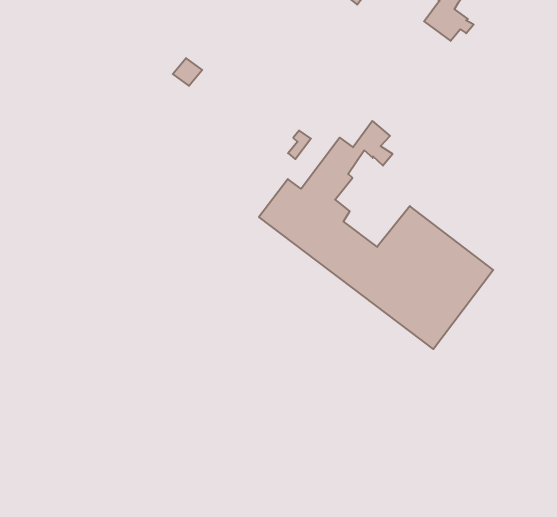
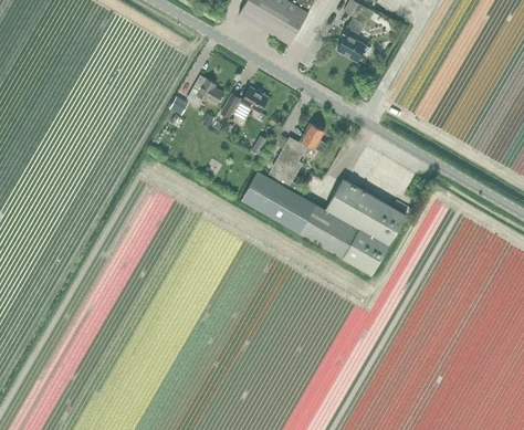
building: none -> [187,74,224,105]
building: none -> [221,86,269,119]

